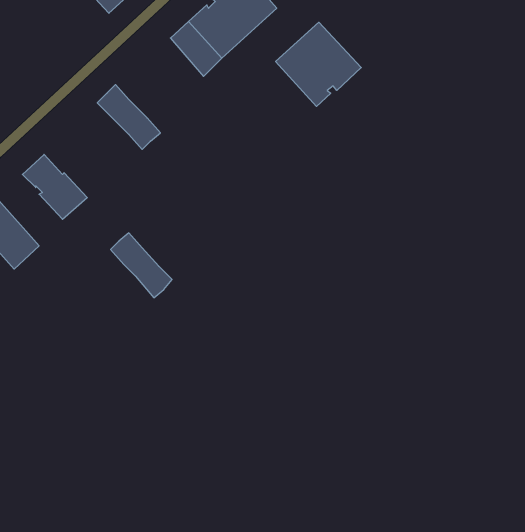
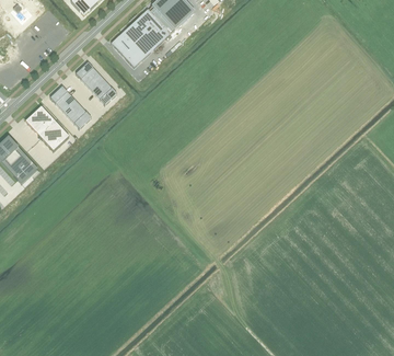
building: [276,22,361,106] -> none
building: none -> [111,30,146,66]
building: [111,233,172,298] -> [50,84,91,127]

